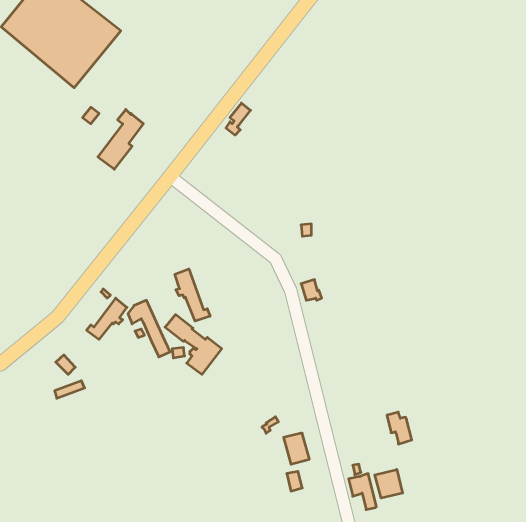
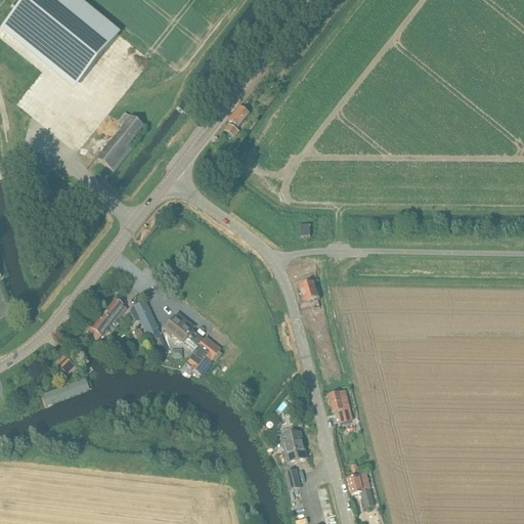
building: [175,269,210,321] -> none
building: [387,412,412,444] -> [329,389,353,421]
building: [375,469,403,498] -> none

